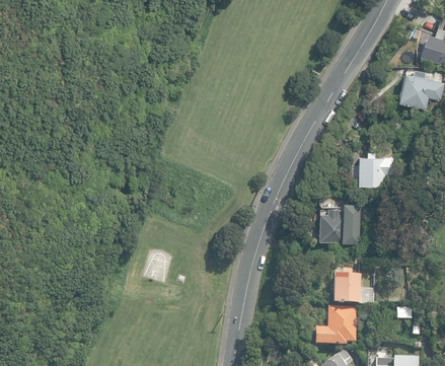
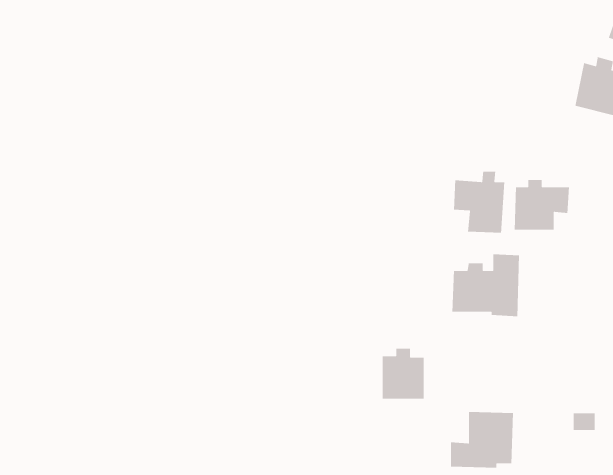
building: none -> [453,171,505,233]
building: [331,269,360,303] -> [382,348,424,399]

